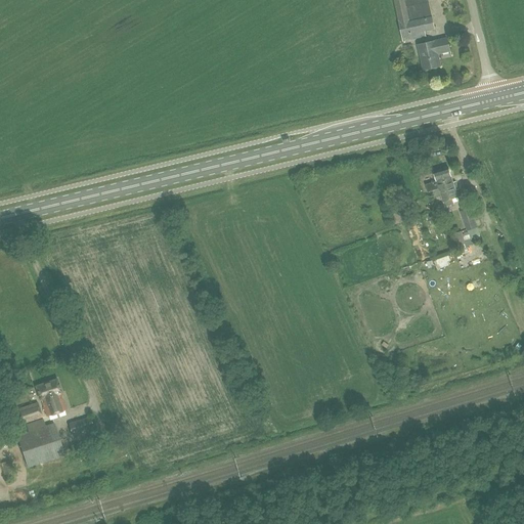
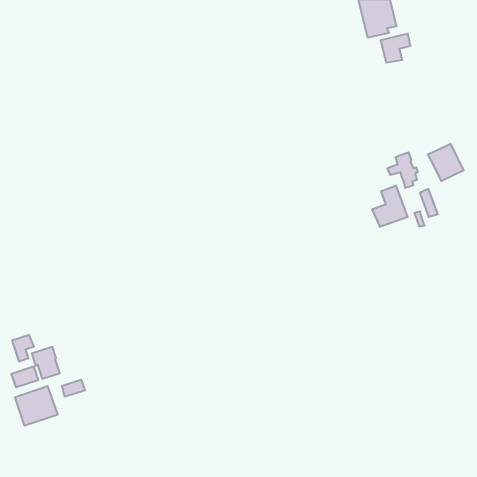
building: none -> [428,144,464,181]
building: none -> [372,185,408,227]
building: none -> [12,335,34,362]

